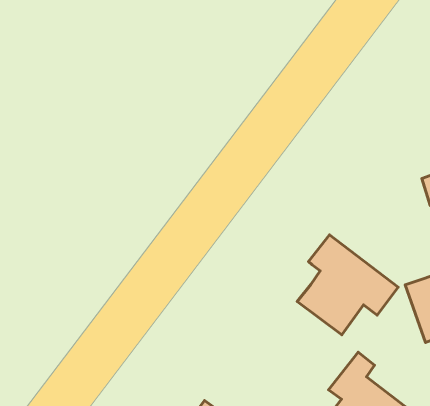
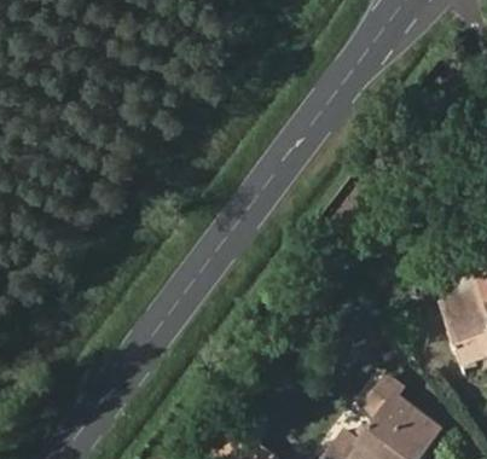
building: [297,235,398,335] -> none

